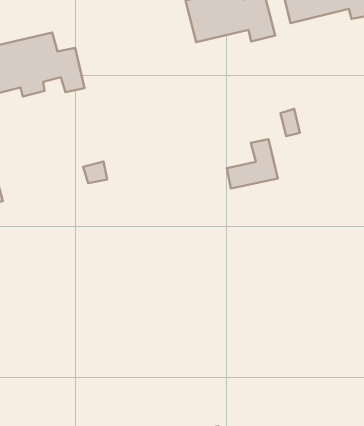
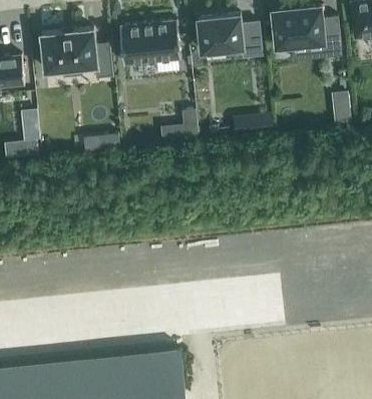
building: none -> [118,22,179,66]
building: [227,139,278,189] -> [159,110,198,144]

